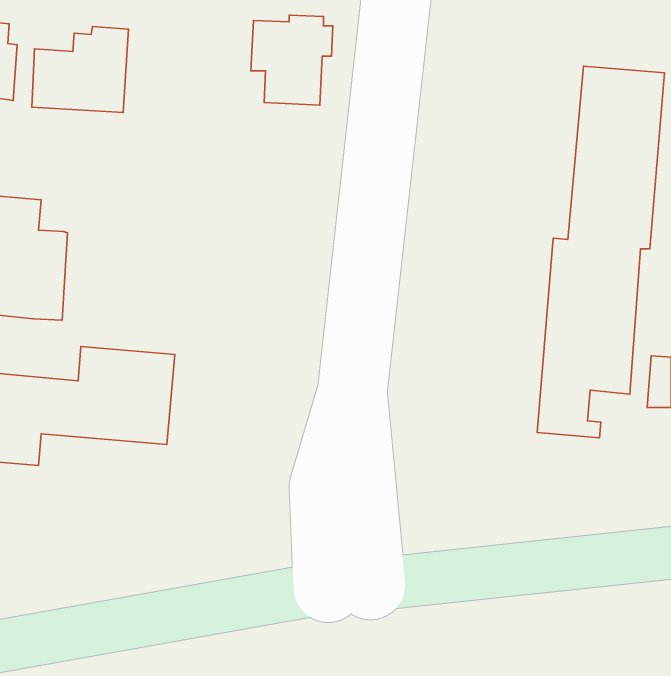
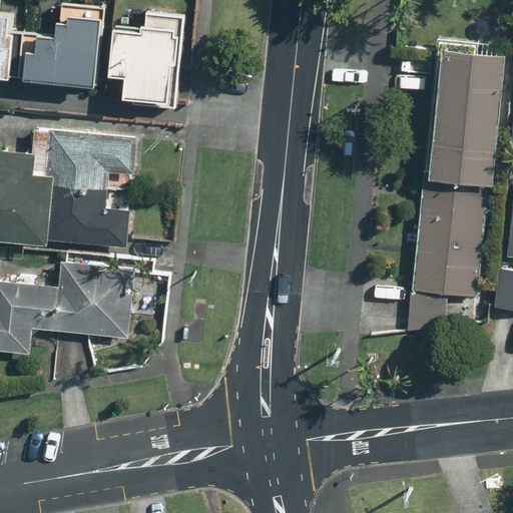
building: [251,15,333,105] -> [113,31,175,99]
building: none -> [47,132,134,248]

